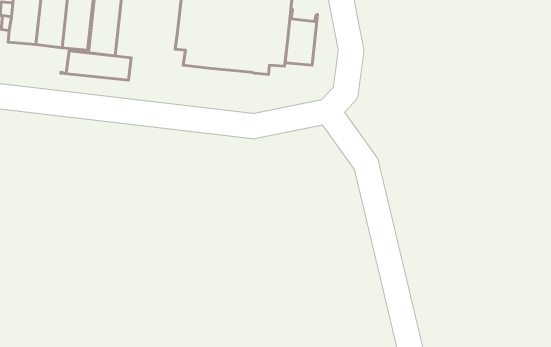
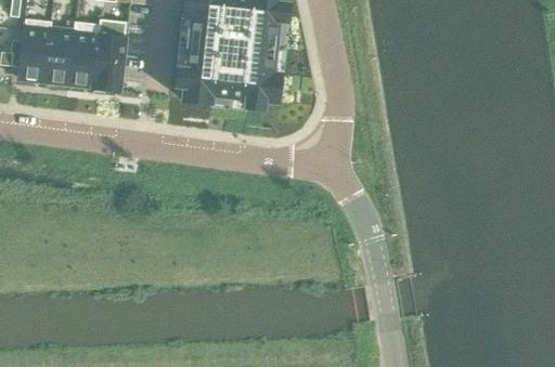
building: [285,9,318,65] -> none
building: [61,51,131,80] -> none

